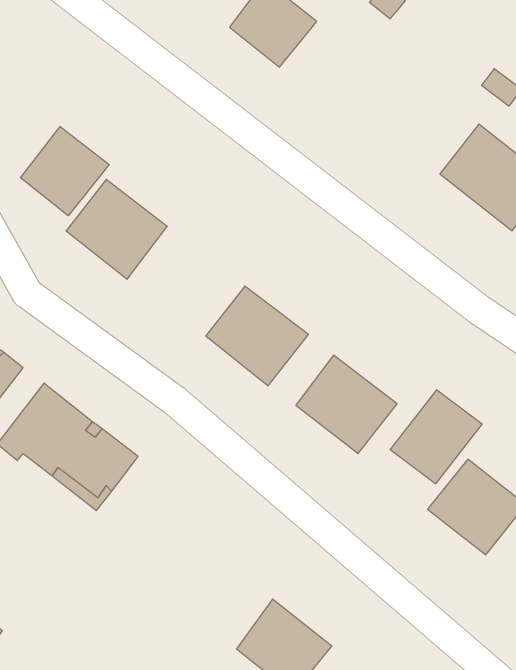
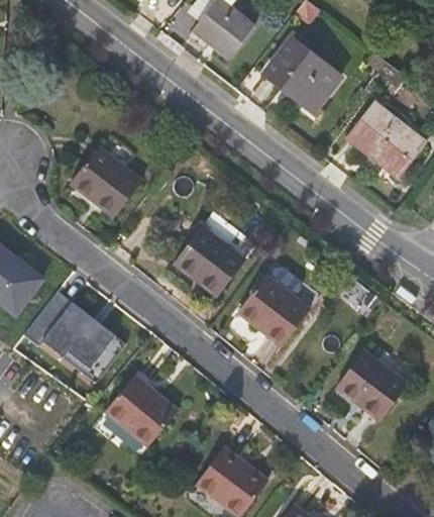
building: none -> [262,39,339,113]
building: [21,127,109,216] -> none
building: [390,390,482,484] -> none
building: none -> [104,375,177,447]

